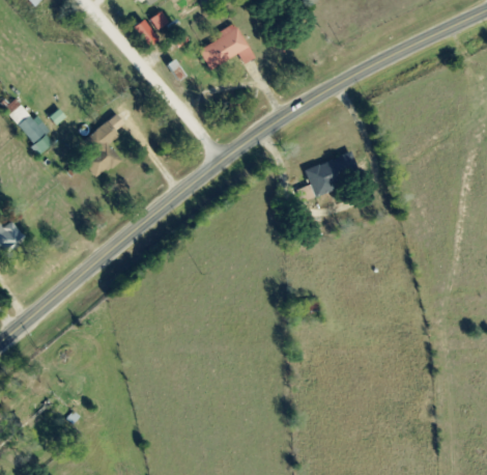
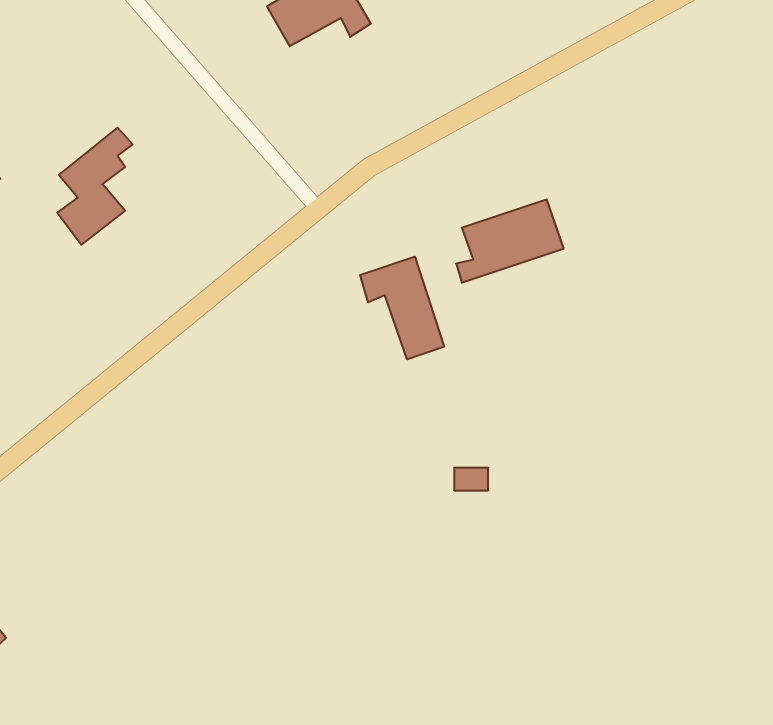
building: none -> [360,257,444,359]

